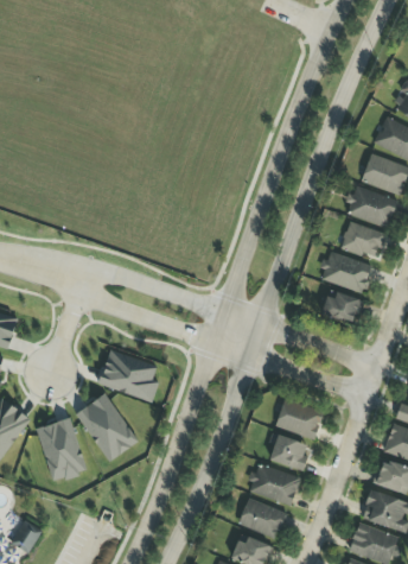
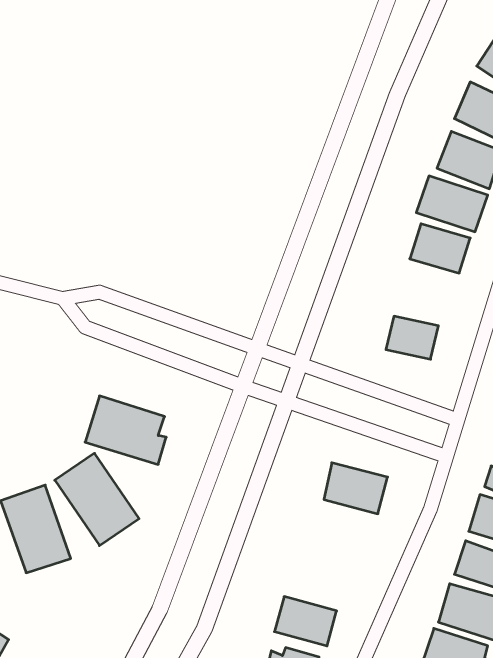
building: [321,252,376,293] -> none
building: [267,433,308,471] -> none
building: [249,464,301,506] -> none

